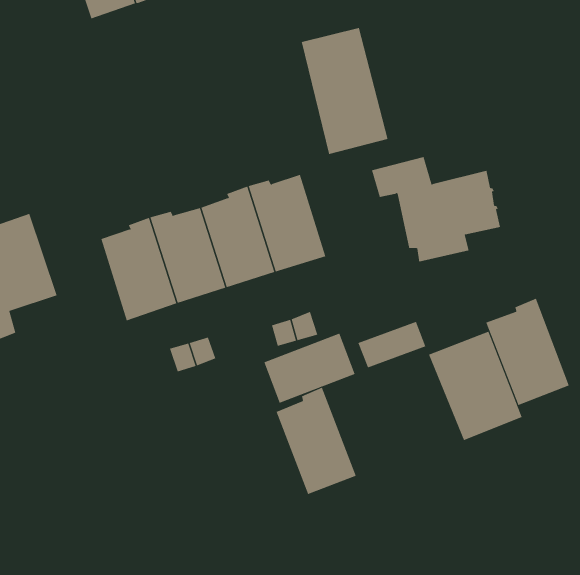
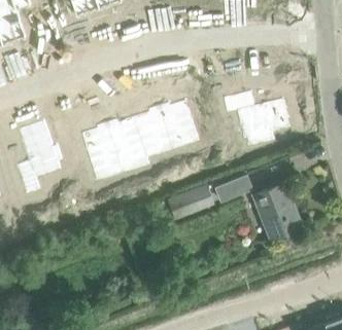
building: [301,27,388,155] -> none
building: [486,298,570,406] -> none
building: [276,387,357,495] -> none

